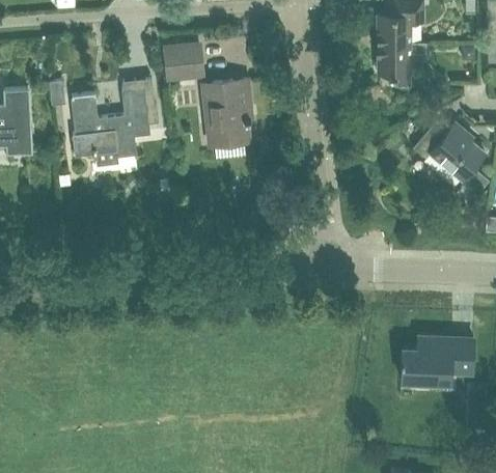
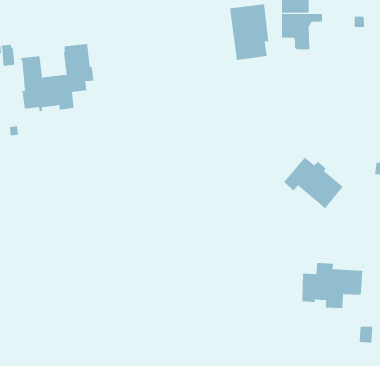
building: [164,46,202,79] -> none
building: [203,79,250,145] -> [229,4,269,60]
building: [413,118,484,179] -> [283,157,343,209]

